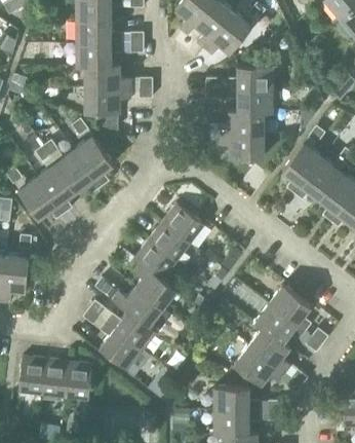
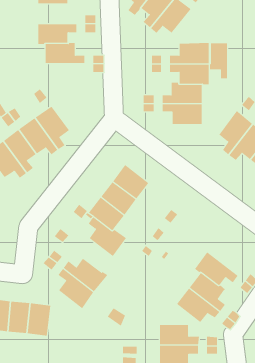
building: [76,21,121,43] -> none
building: none -> [210,42,227,79]
building: [84,88,130,131] -> none
building: [269,285,311,331] -> none
building: [111,288,171,333] -> none

